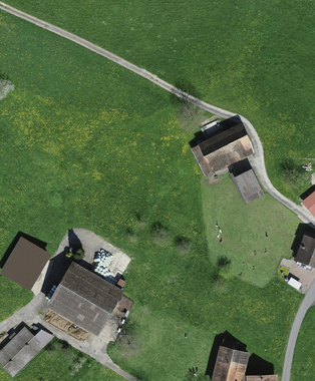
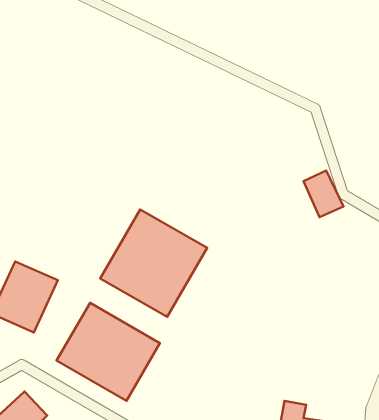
building: [191,122,255,174] -> none
building: none -> [100,210,207,317]

